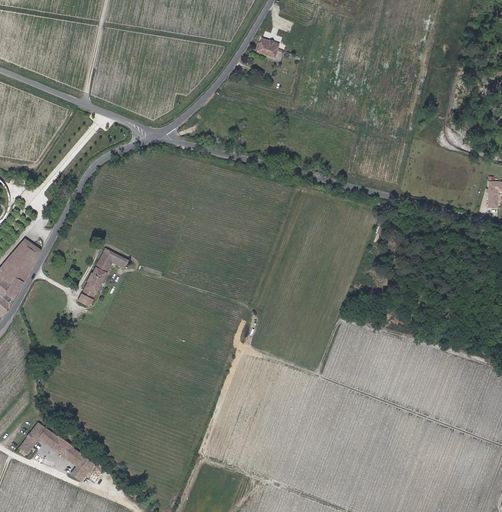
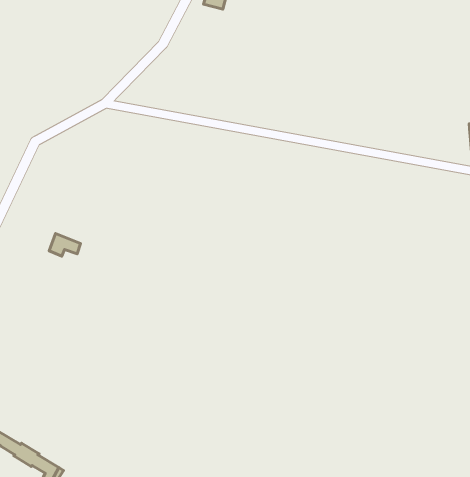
building: [76,263,108,307] -> none

